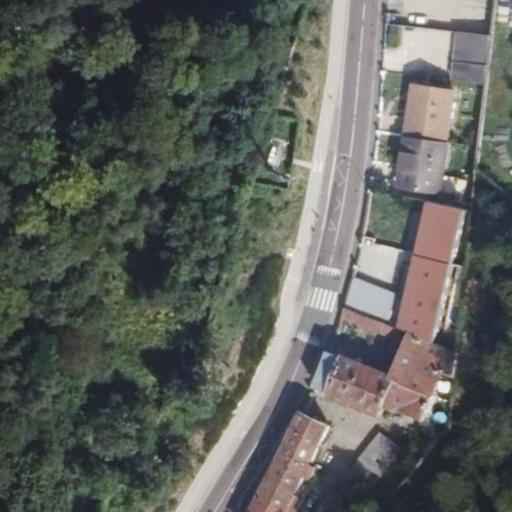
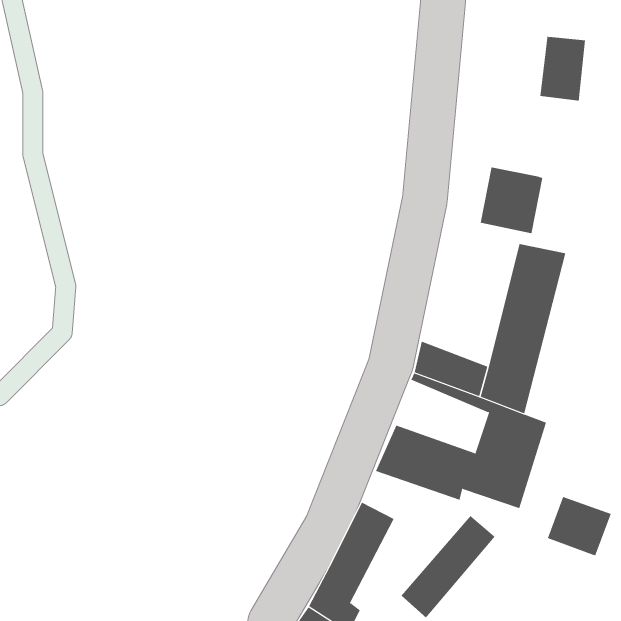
building: [403,90,452,146] -> none
building: none -> [547,496,611,556]

